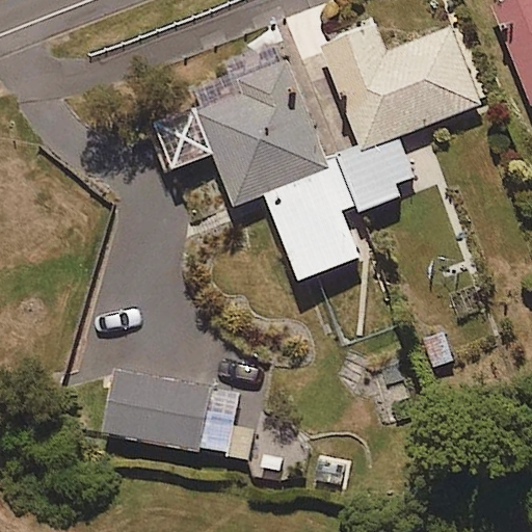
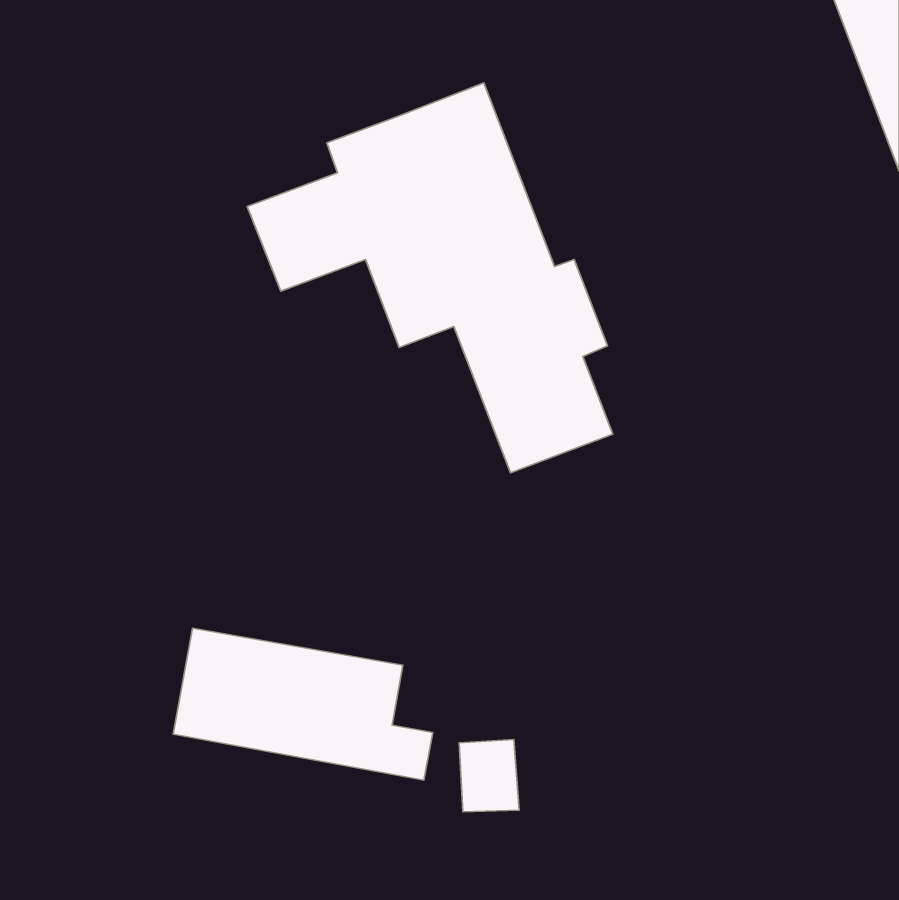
building: [304,25,481,211] -> none

